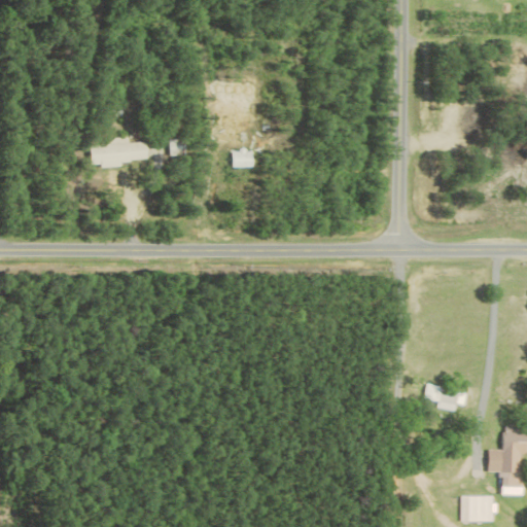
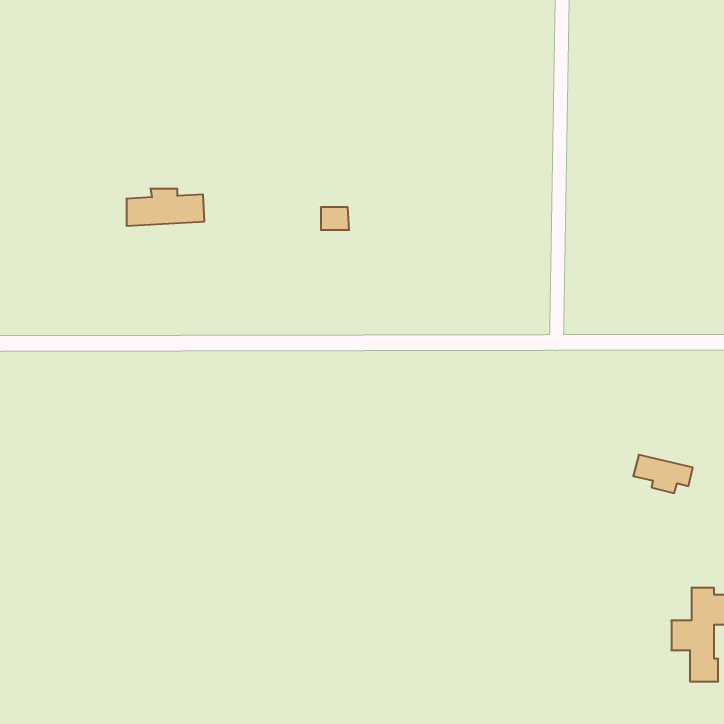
building: [424,384,467,412] -> [633,455,693,493]
building: [461,496,494,522] -> none

